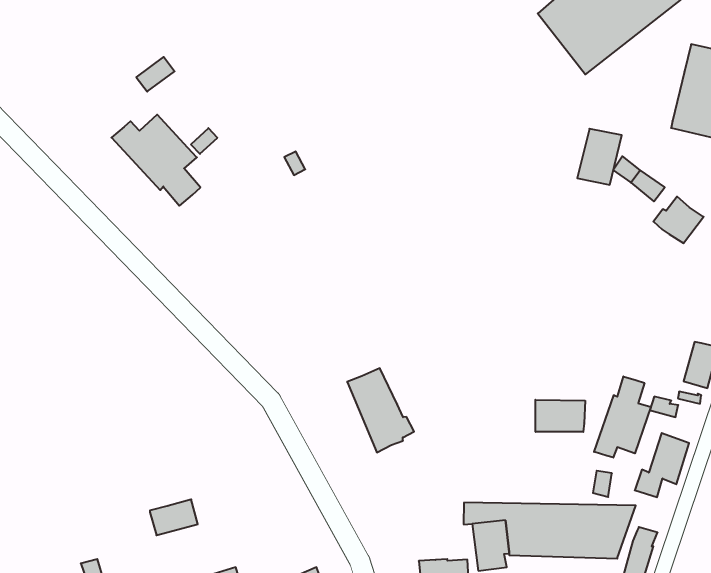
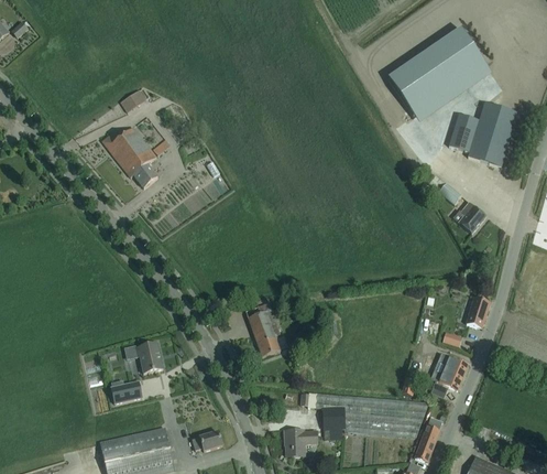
building: [577,129,622,185] -> [448,116,479,153]
building: [594,376,651,458] -> none
building: [535,400,585,432] -> none
building: none -> [124,344,163,374]

